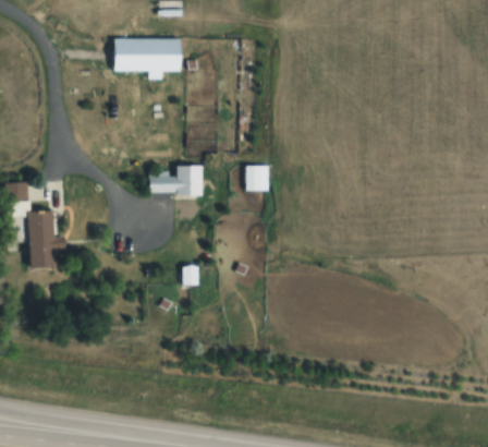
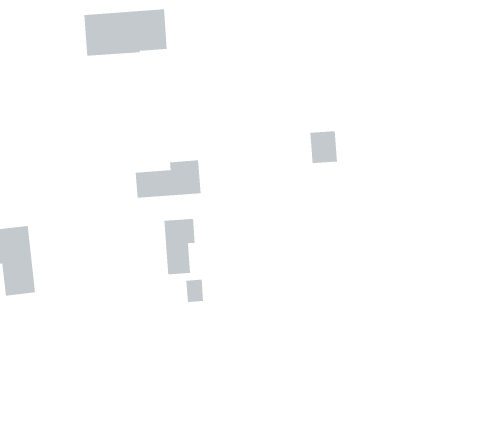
building: [246,166,268,192] -> [310,131,338,164]
building: none -> [164,218,195,275]

